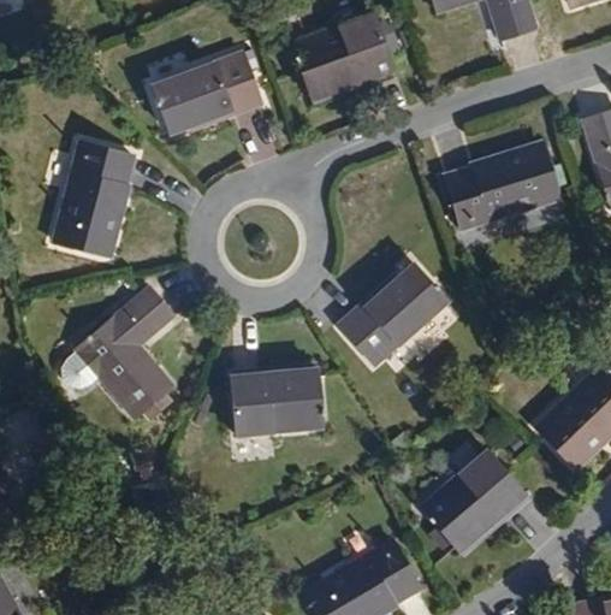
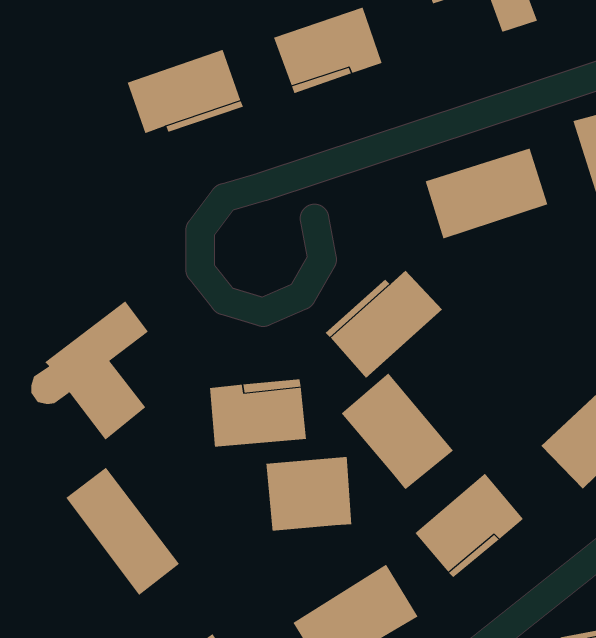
building: [55,138,137,254] -> none
building: none -> [341,373,454,490]
building: none -> [266,456,352,532]
building: none -> [65,467,180,596]

